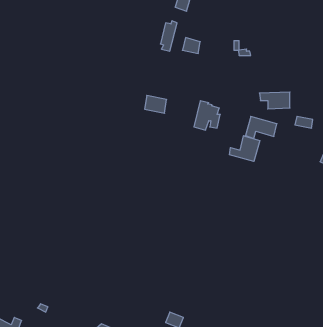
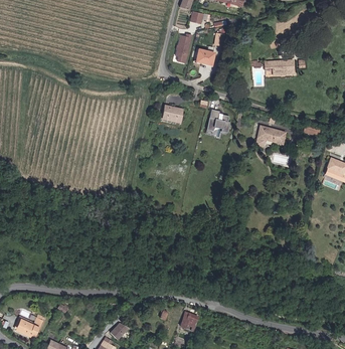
building: [259,92,290,109] -> [265,59,294,75]
building: [230,136,260,161] -> none

